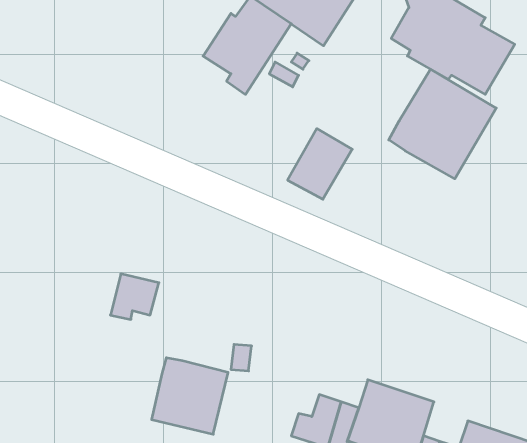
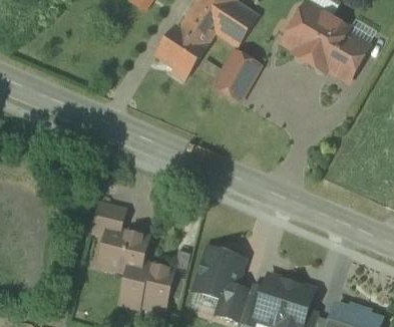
building: [389,69,496,179] -> none
building: [288,129,352,199] -> [215,51,259,99]
building: none -> [101,228,147,271]
building: none -> [194,247,243,300]

